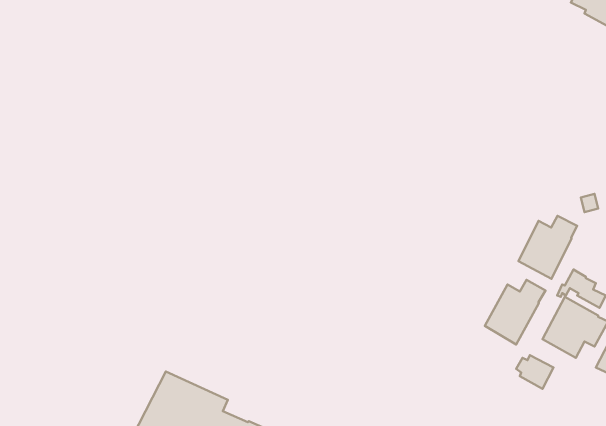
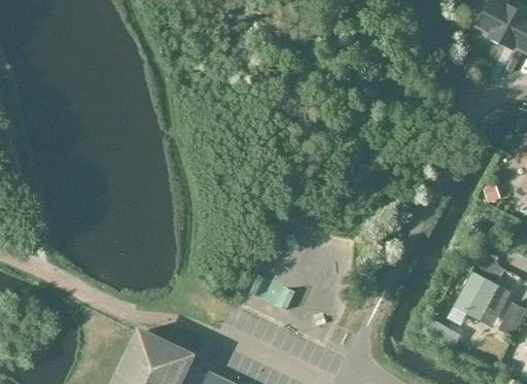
building: [518,216,577,279] -> none
building: [485,280,545,344] -> none

